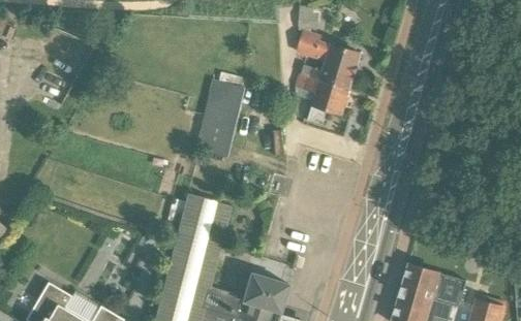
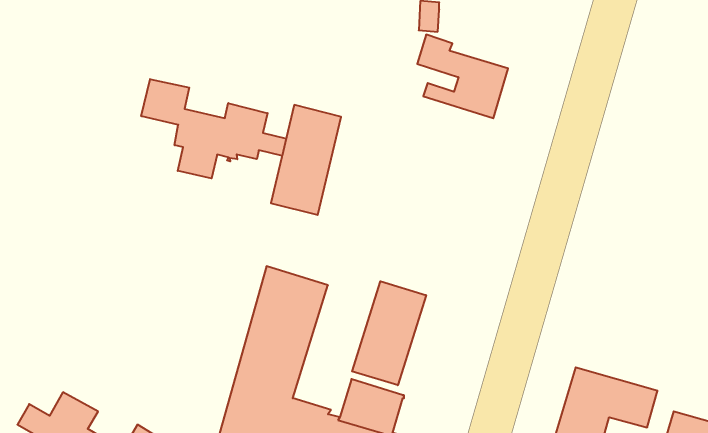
building: none -> [141,79,286,178]
building: [296,73,350,125] -> none
building: none -> [352,281,426,385]

